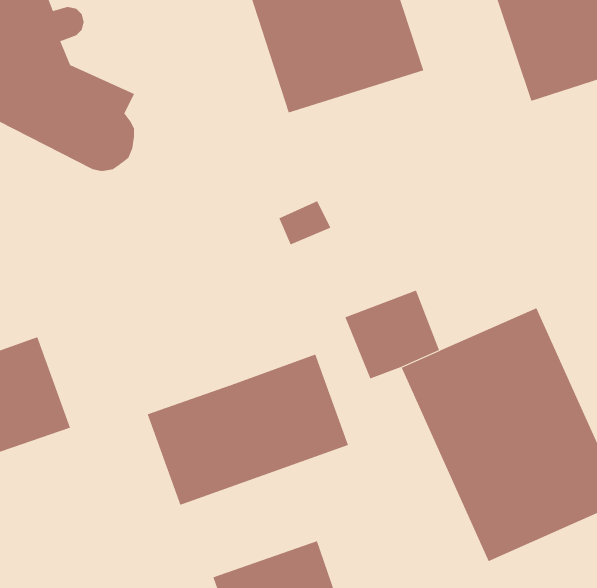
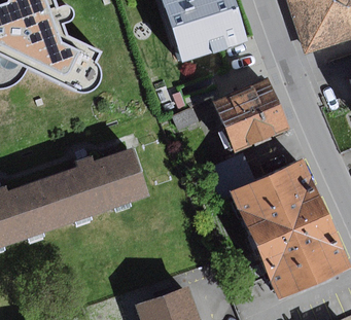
building: none -> [212,79,289,152]
building: [147,354,349,505] -> [42,147,149,227]

